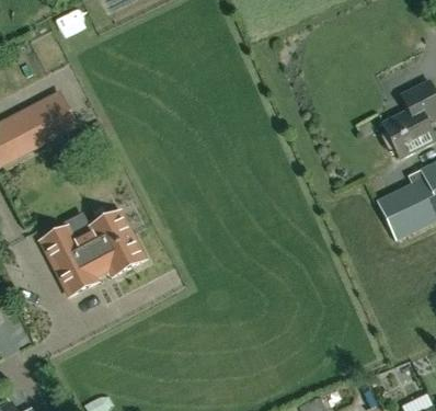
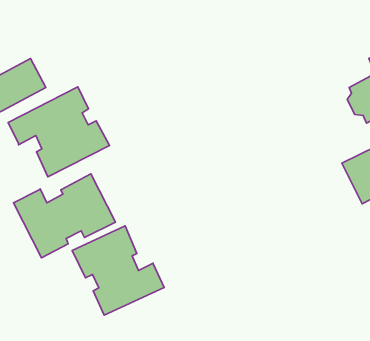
building: none -> [8,87,109,177]
building: none -> [72,226,164,315]

